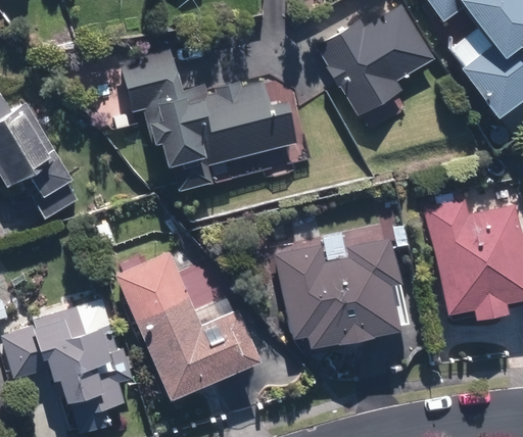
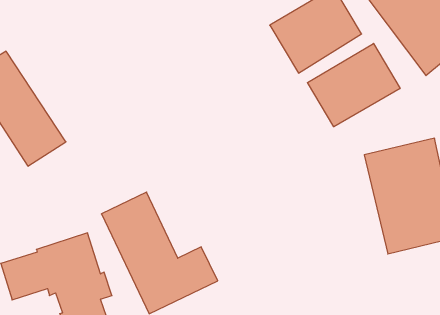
building: [121,55,299,183] -> none
building: none -> [307,43,400,127]
building: [278,236,396,347] -> none

